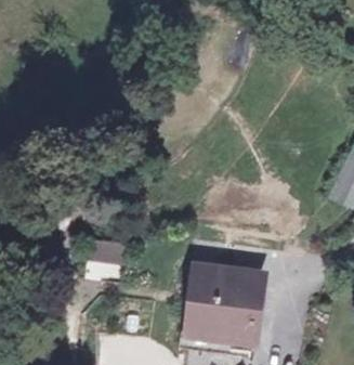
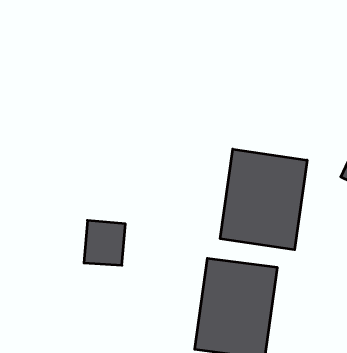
building: none -> [220,149,307,250]

